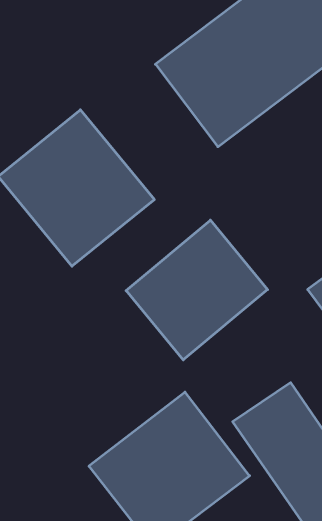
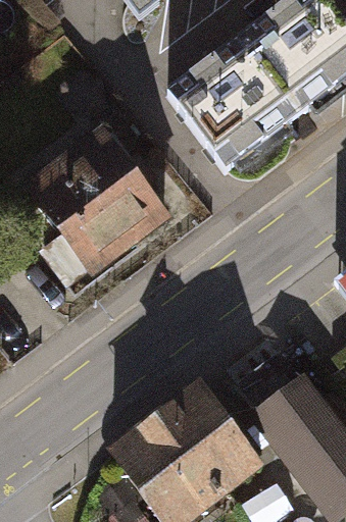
building: [126,220,268,360] -> none

